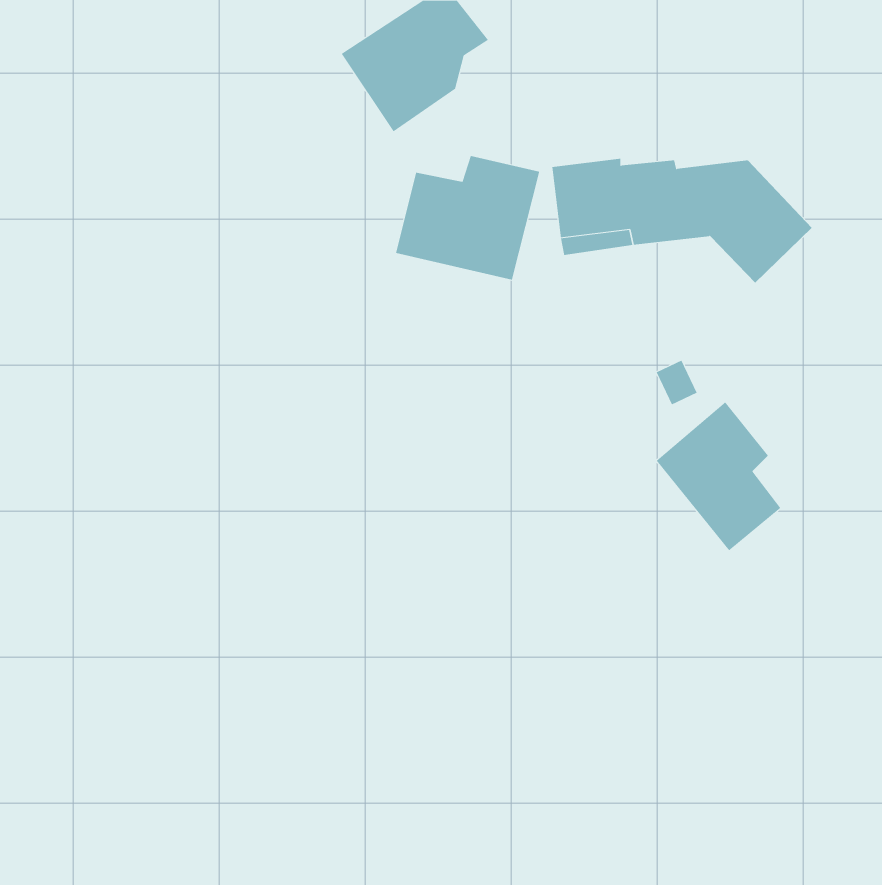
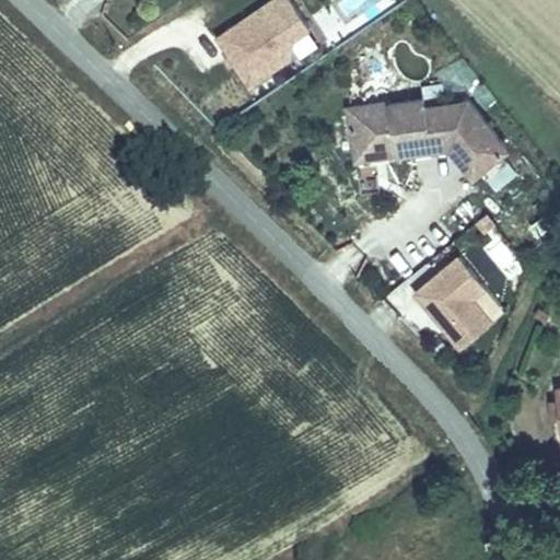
building: [396,155,540,281] -> none

